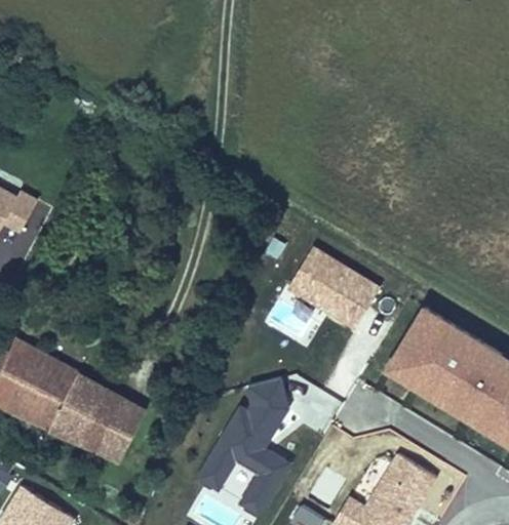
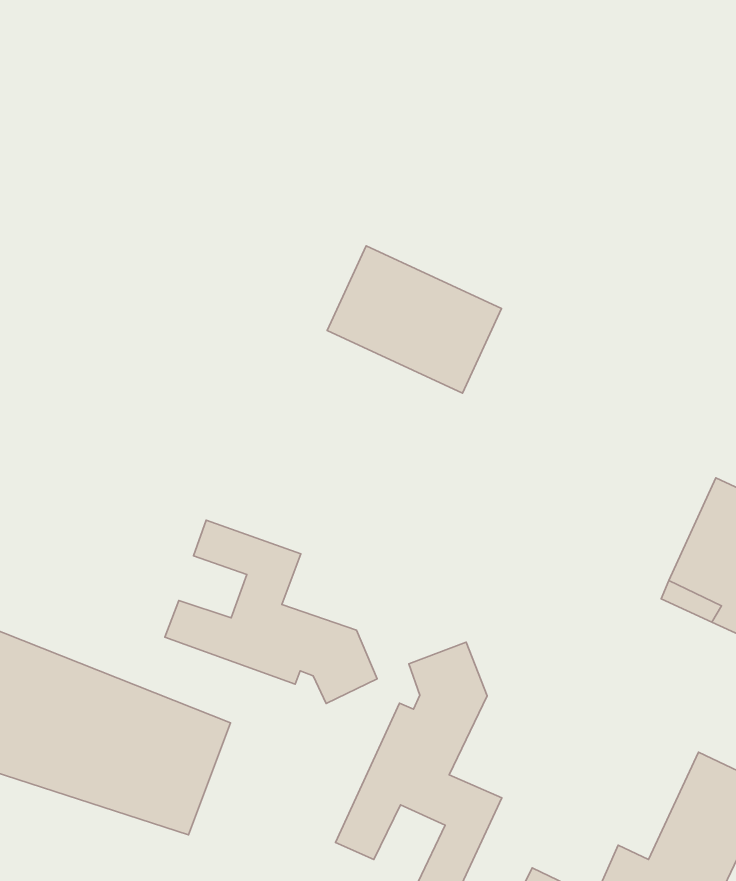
building: [287,243,382,327] -> [327,246,502,393]
building: none -> [165,520,377,704]

